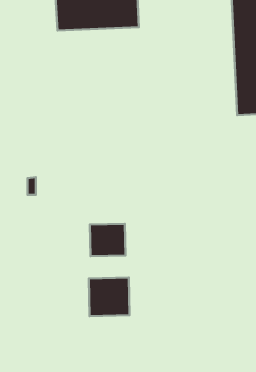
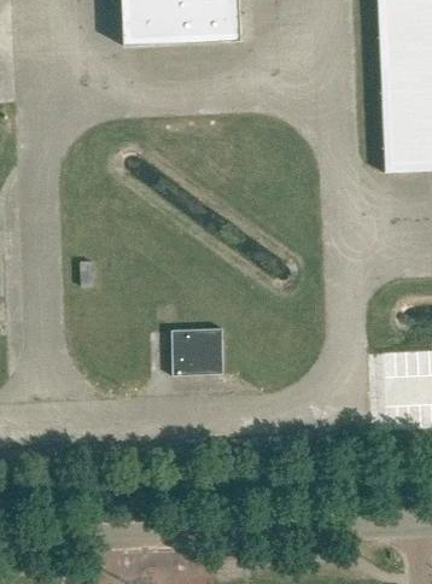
building: [89,278,130,316] -> none

